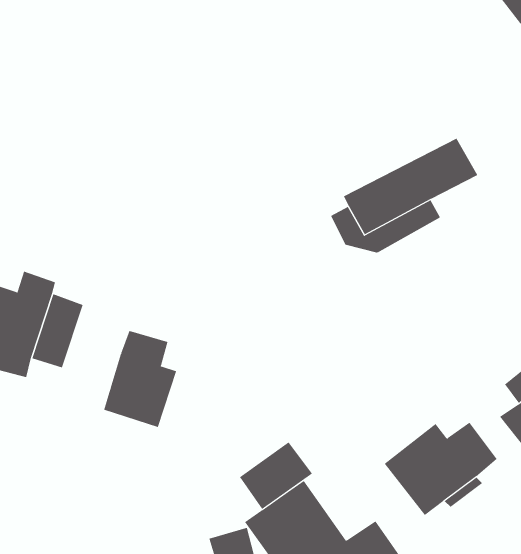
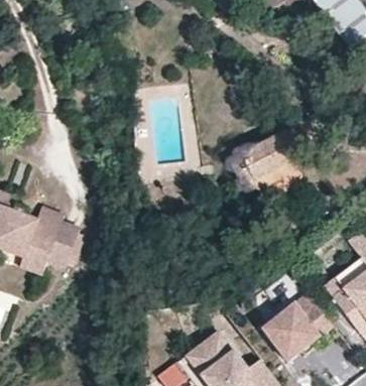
building: [103,330,177,428] -> none
building: [239,441,313,510] -> none

